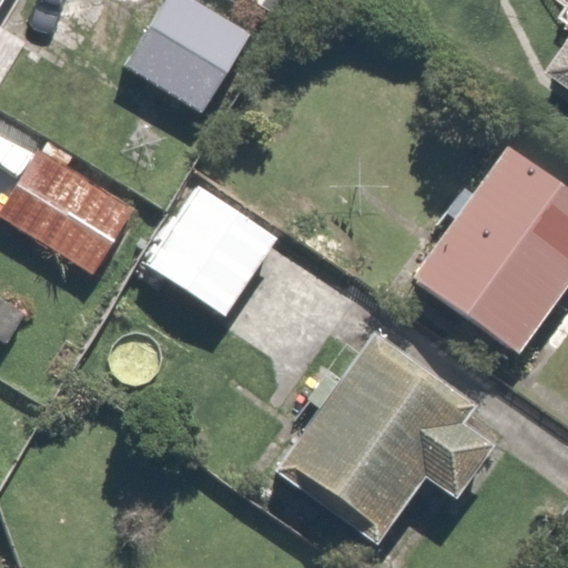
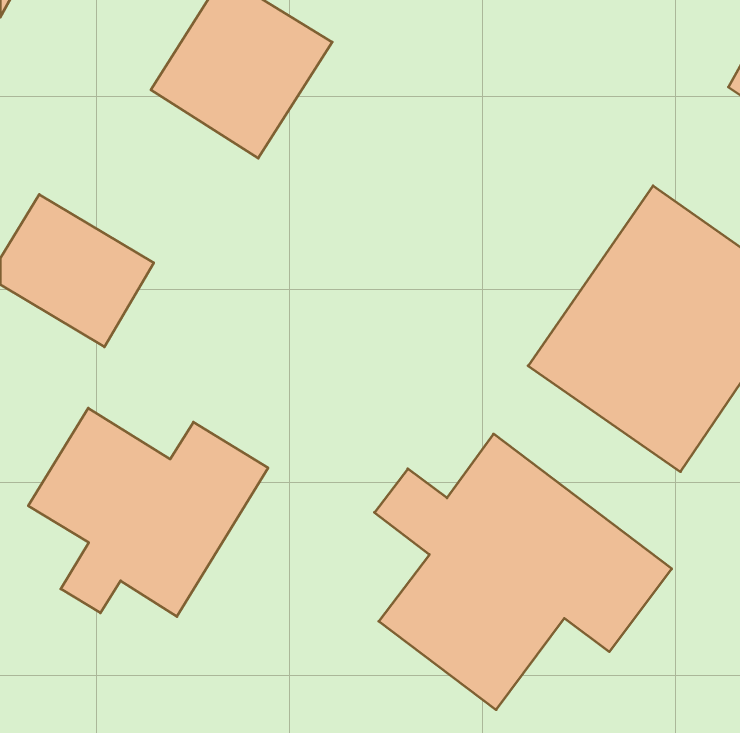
building: [150,187,275,307] -> none
building: none -> [28,408,268,617]

